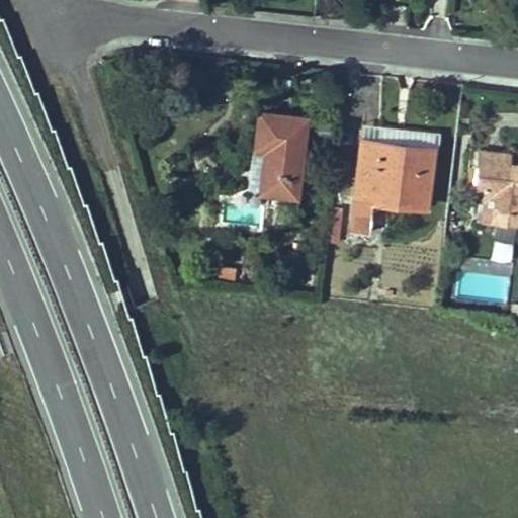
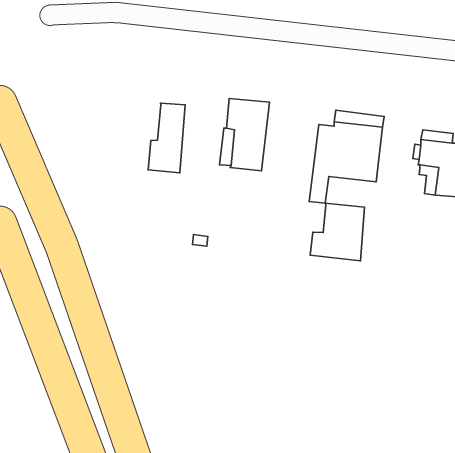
building: none -> [148,103,185,173]
building: none -> [310,203,364,261]

